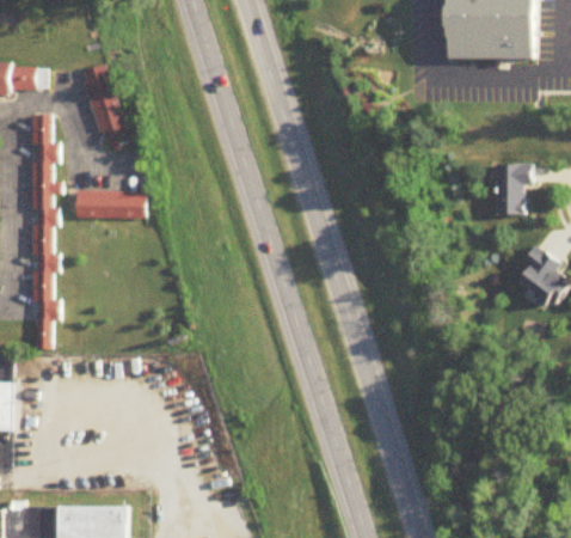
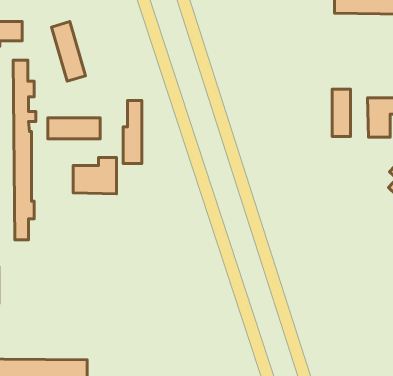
building: none -> [332,89,350,136]
building: none -> [123,101,142,164]
building: none -> [73,158,116,194]

